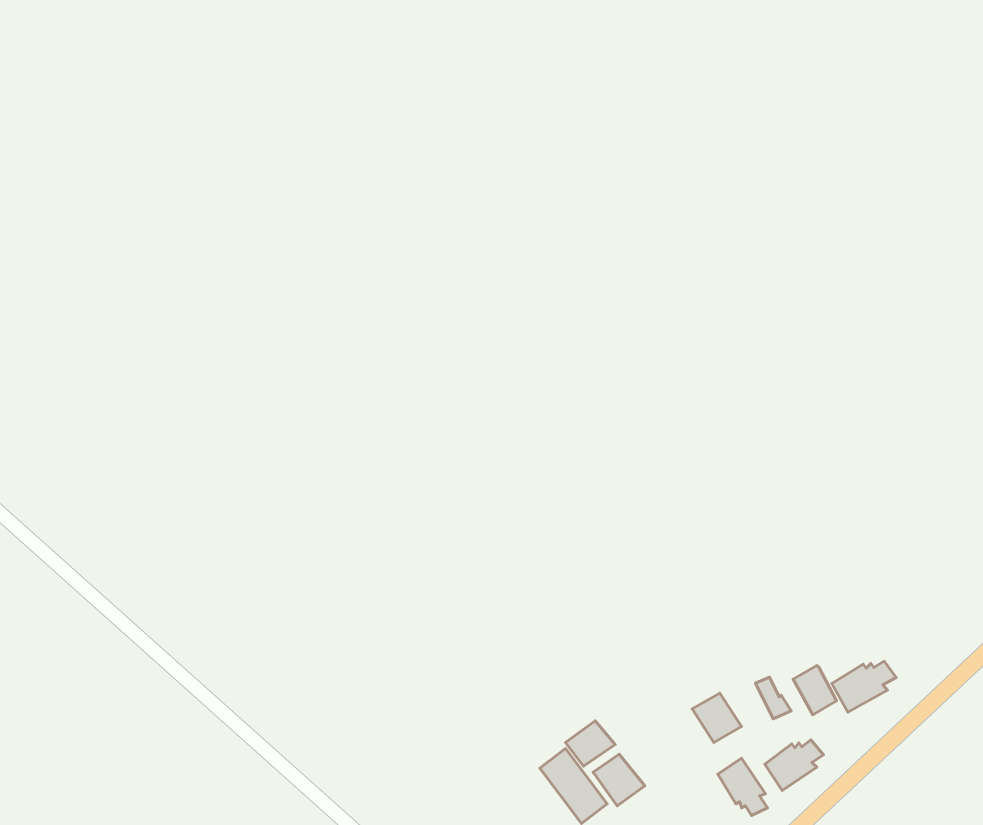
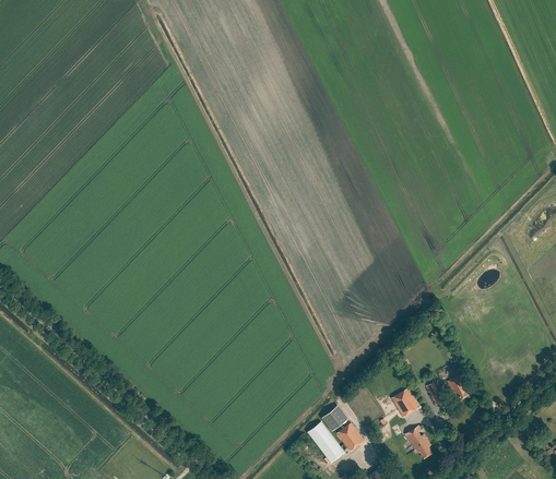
building: [832,661,896,712] -> none
building: [765,740,823,790] -> none

